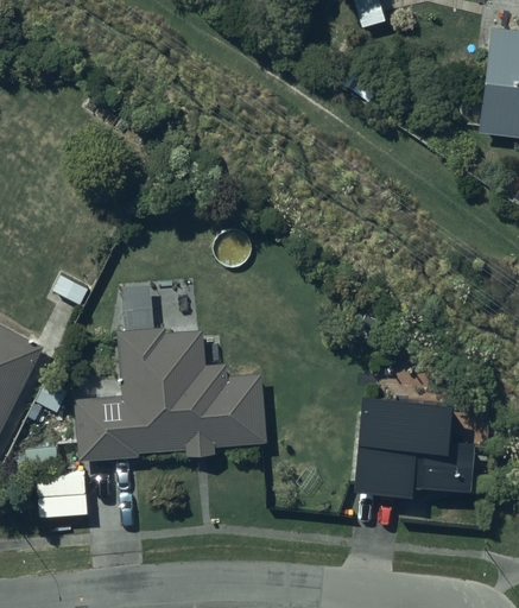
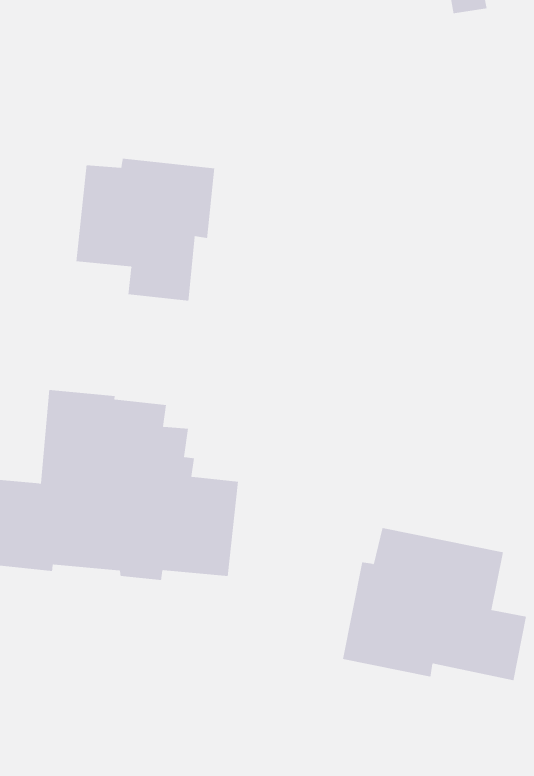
building: none -> [76,158,215,301]

